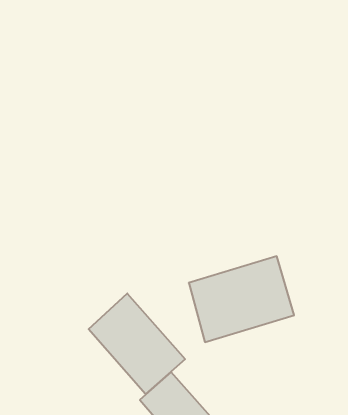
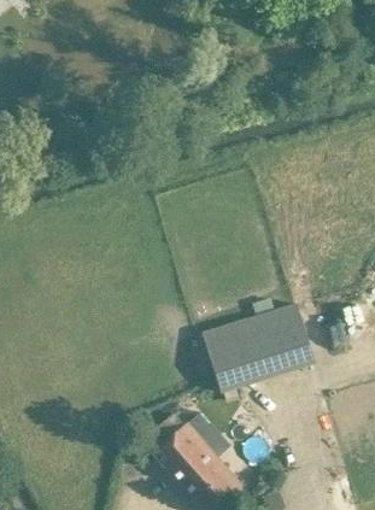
building: [89,293,185,394] -> none

